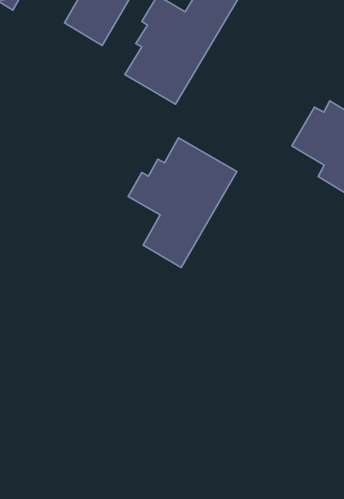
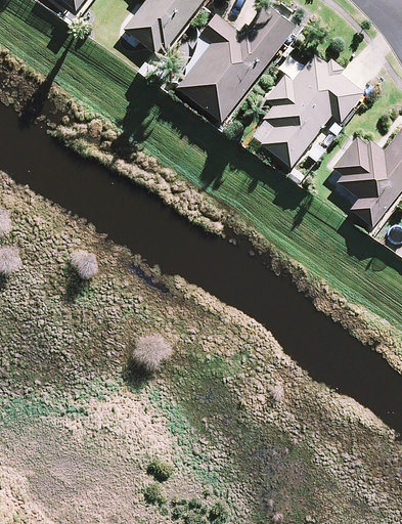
building: none -> [252,54,363,167]
building: [128,138,237,268] -> none

